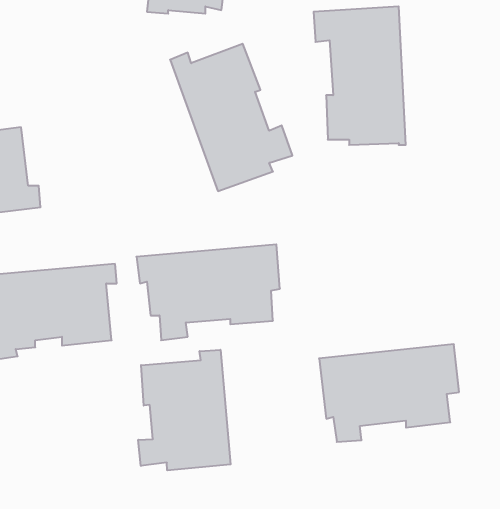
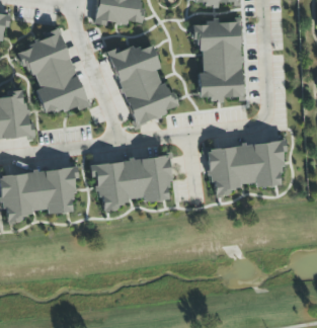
building: none -> [21,29,89,115]
building: [319,344,459,442] -> [207,140,287,195]
building: [138,350,231,470] -> none

